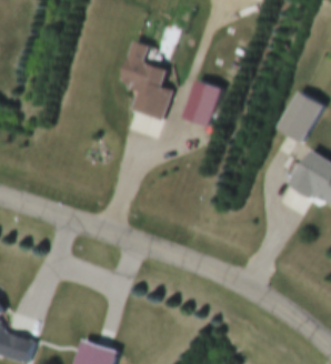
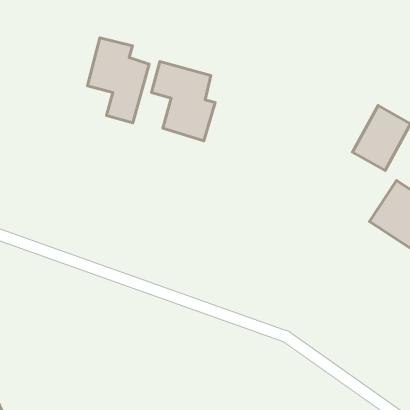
building: none -> [88,38,149,123]
building: [182,78,222,125] -> none

